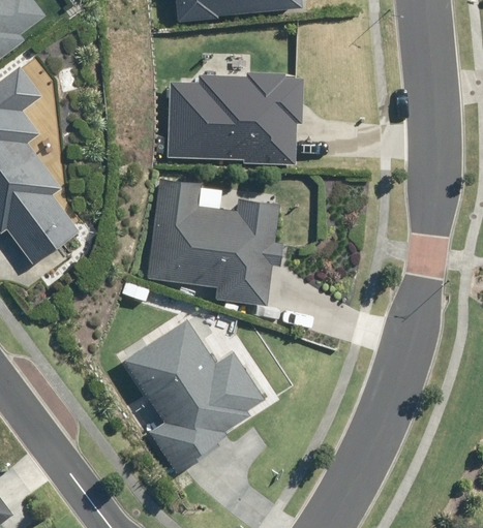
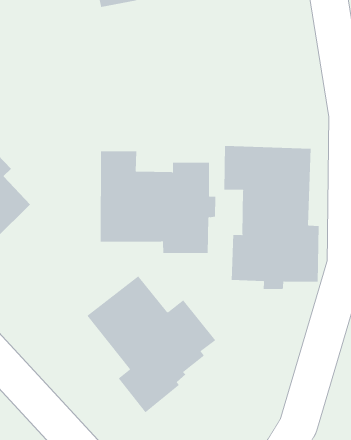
building: [167,72,302,165] -> none
building: none -> [224,145,319,290]

